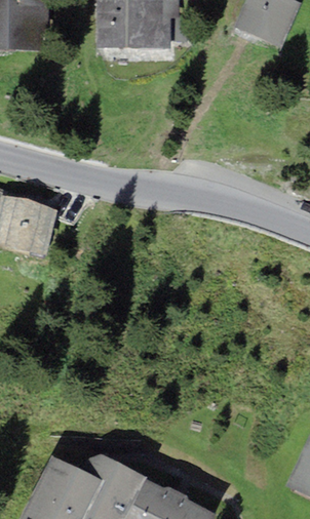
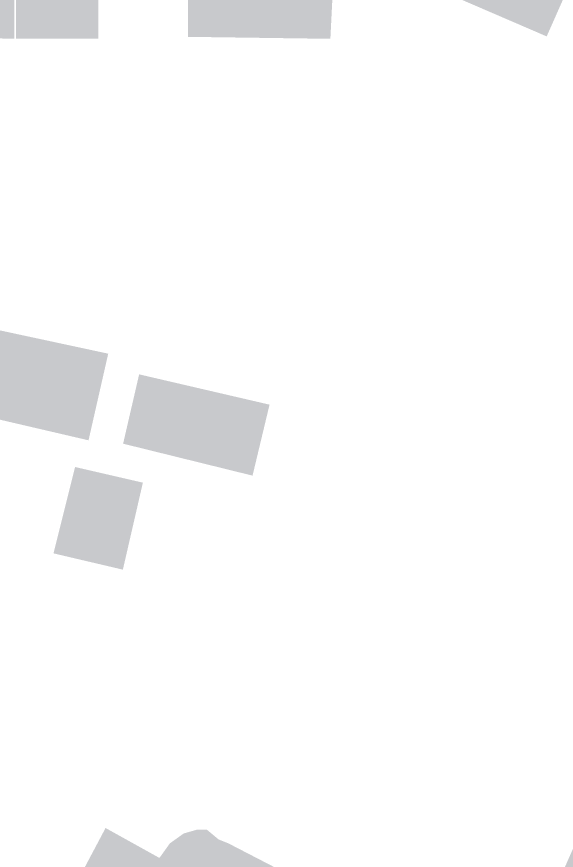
building: none -> [122,374,270,476]
building: none -> [53,466,144,571]

